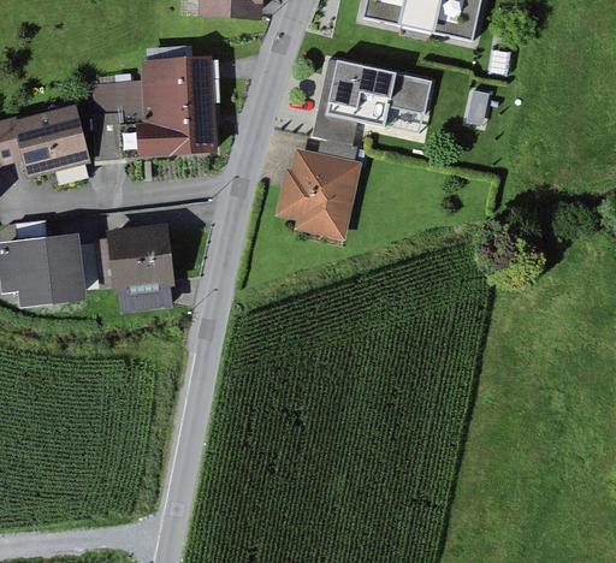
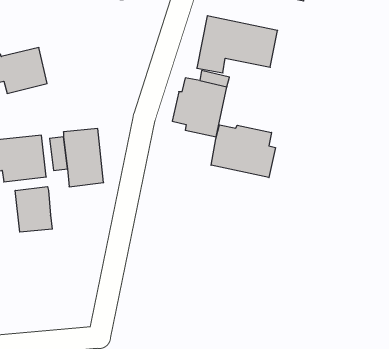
building: [95,57,220,159] -> none
building: none -> [211,125,275,178]
building: none -> [15,187,52,232]

